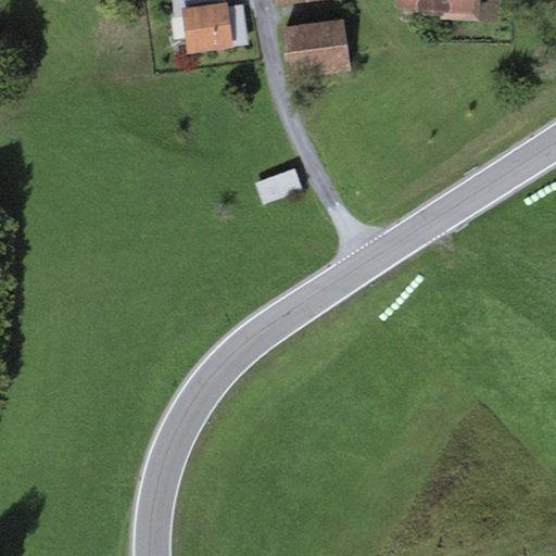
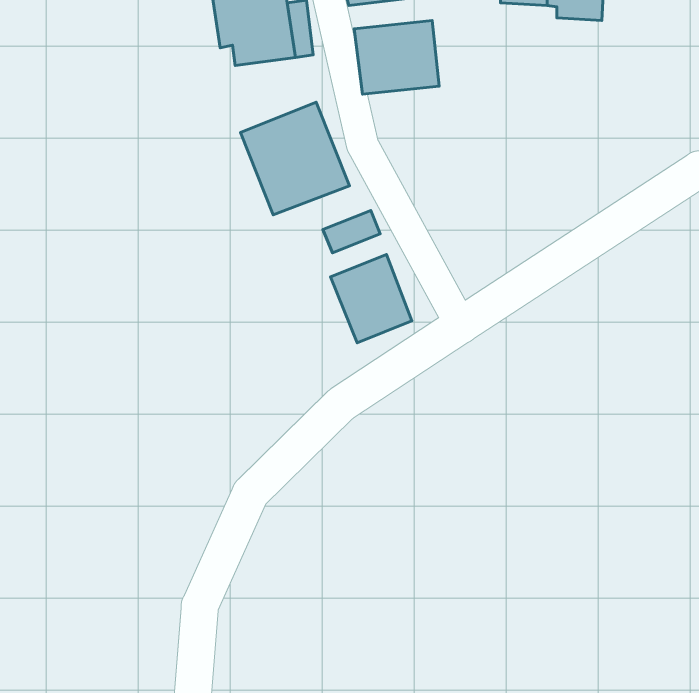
building: none -> [240,102,350,215]
building: none -> [331,254,412,343]

